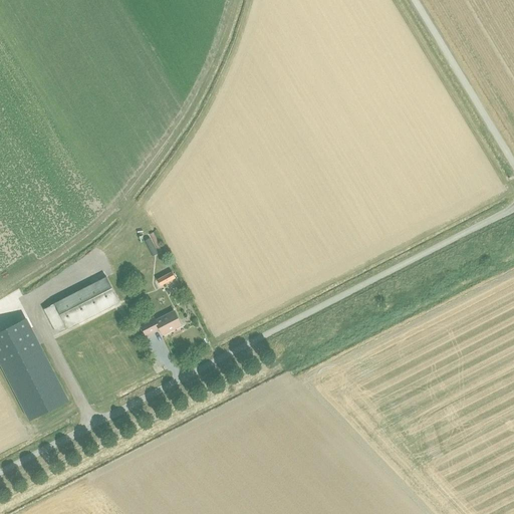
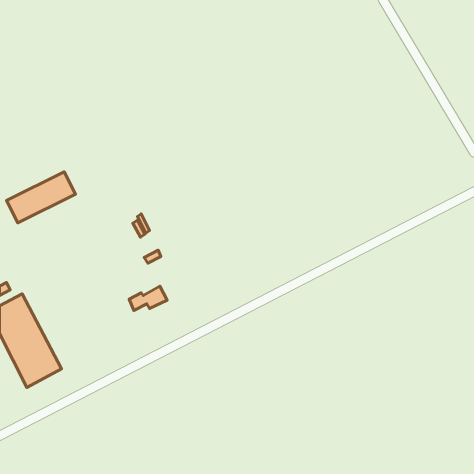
building: [44,276,118,331] -> [7,172,75,223]

